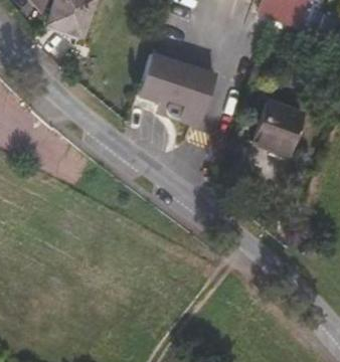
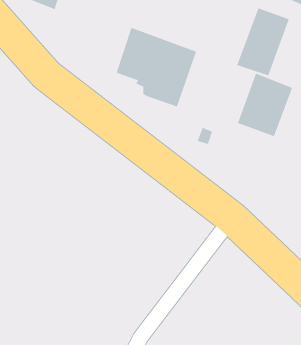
building: none -> [236,7,290,76]

